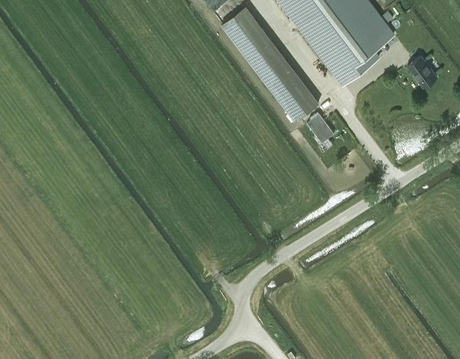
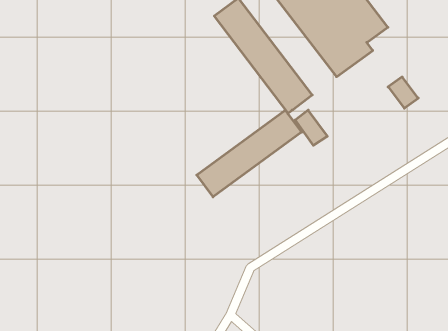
building: [407,57,437,88] -> [388,77,418,108]
building: none -> [197,110,302,197]

